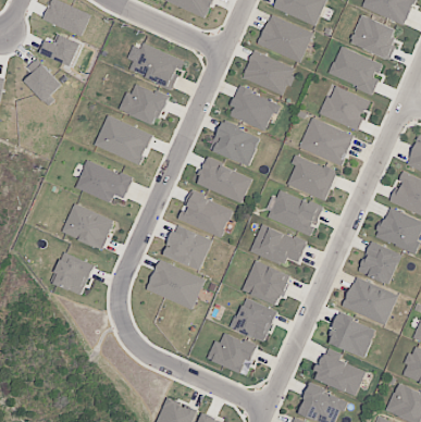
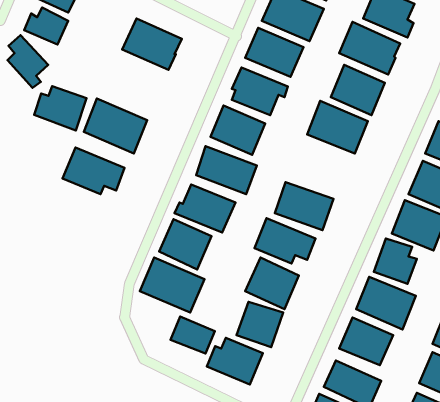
building: [119,85,166,125] -> [34,86,87,131]
building: [285,156,337,200] -> none
building: [61,203,114,250] -> none
building: [51,252,94,295] -> none
building: none -> [170,317,215,354]

